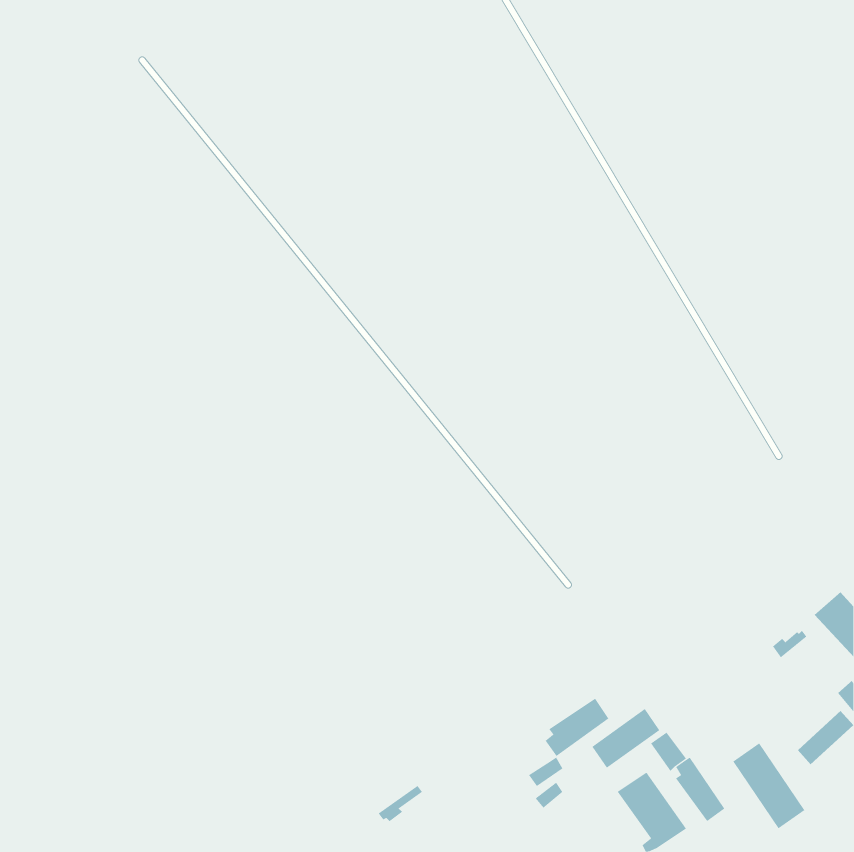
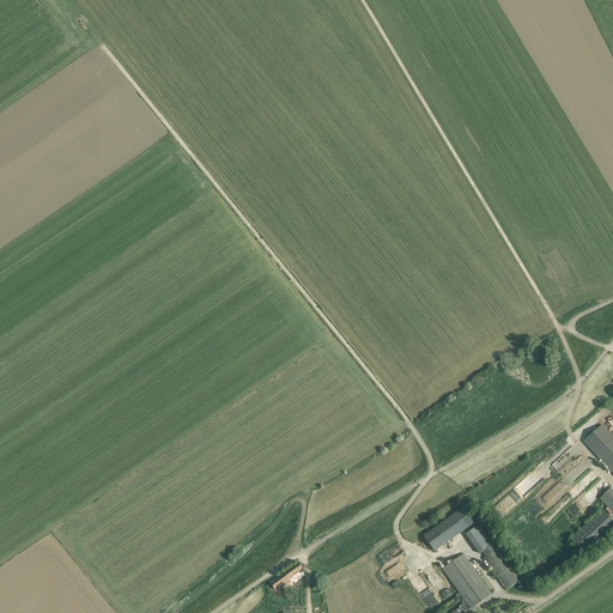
building: [545,698,609,757] -> none
building: [732,742,805,829] -> none

